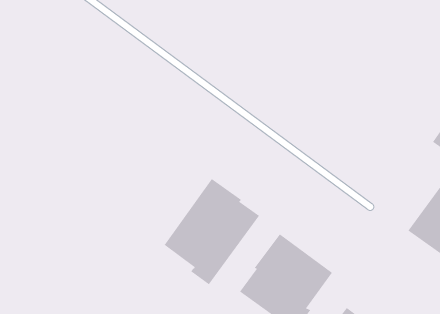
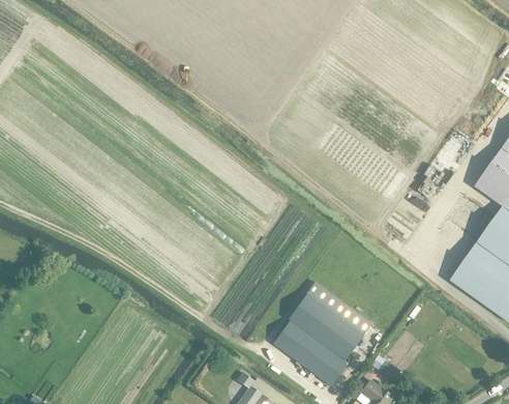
building: [164,178,260,285] -> none

